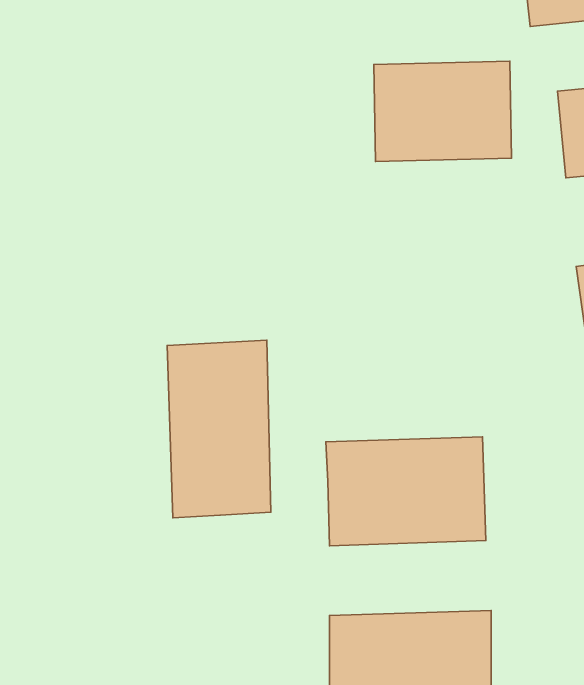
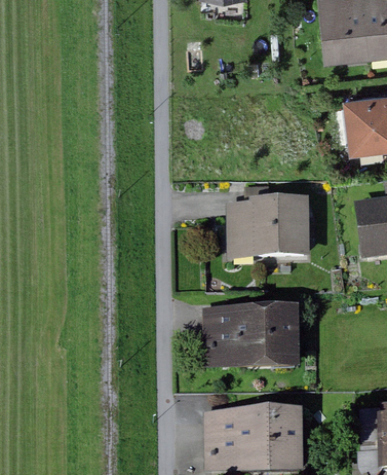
building: [374,61,512,162] -> [226,197,309,258]
building: [167,340,271,518] -> none

